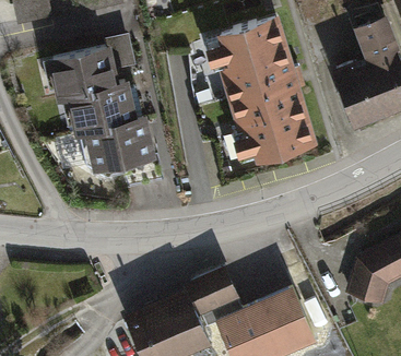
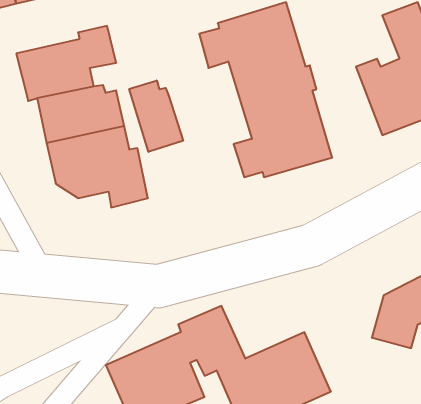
building: none -> [129,80,183,152]

